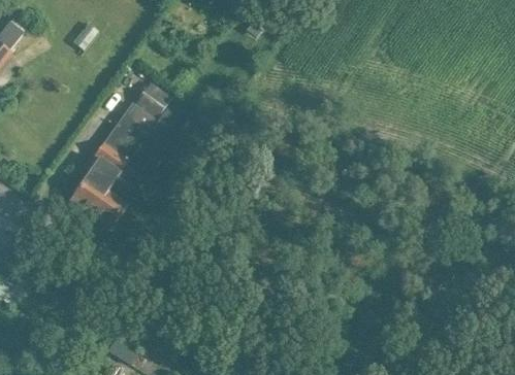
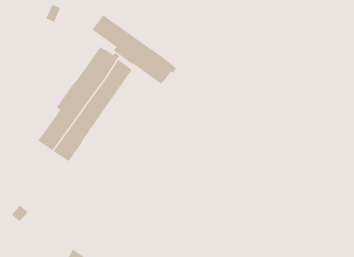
building: none -> [92,14,177,85]

